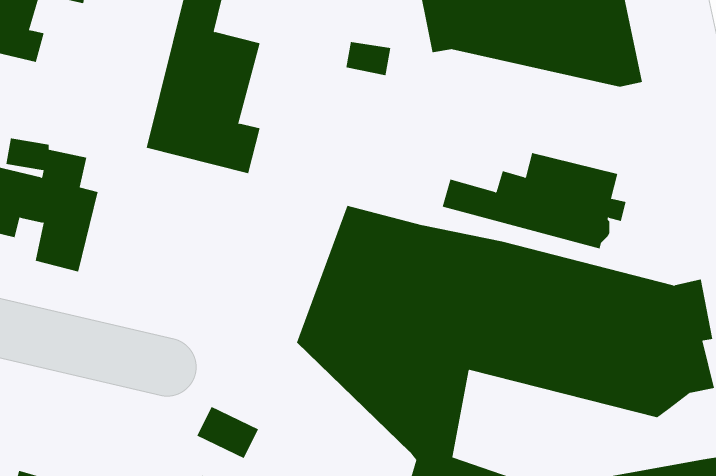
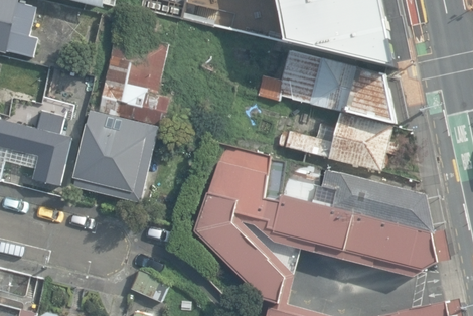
building: none -> [257,50,396,124]
building: none -> [70,111,159,203]

